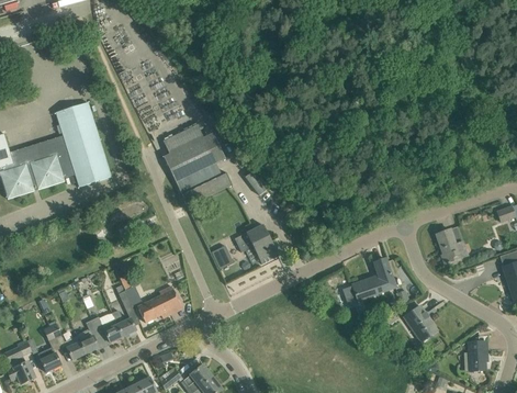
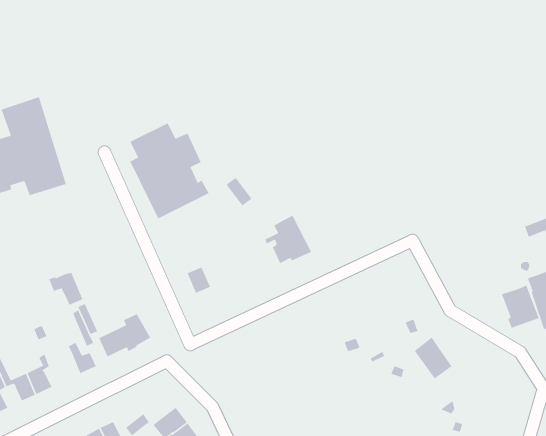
building: [238,224,279,266] -> [264,215,312,264]
building: [436,226,469,263] -> [501,285,540,329]
building: [352,258,395,301] -> none
building: [92,314,122,343] -> [48,272,83,306]
building: [463,341,486,371] -> none

